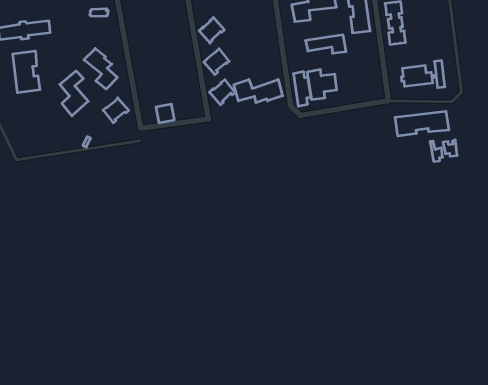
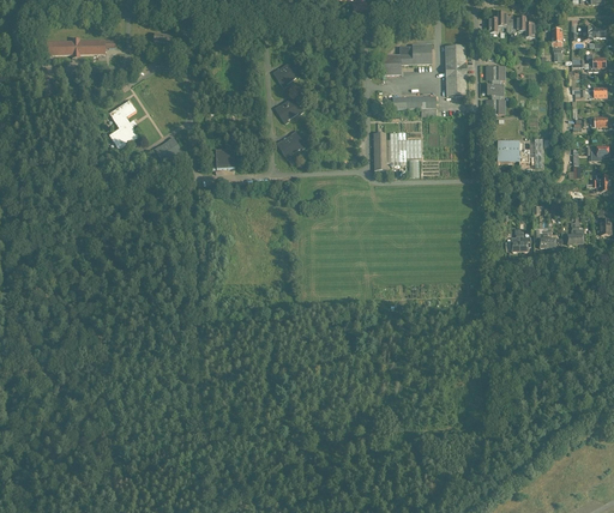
building: [84,48,117,89] -> none
building: [13,51,40,93] -> none
building: [234,79,283,103] -> none
building: [395,111,449,136] -> none

